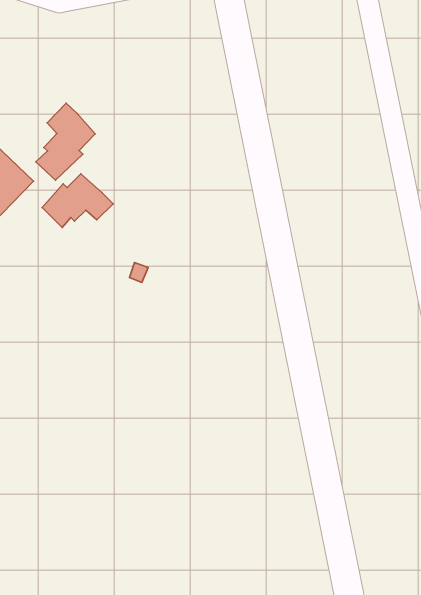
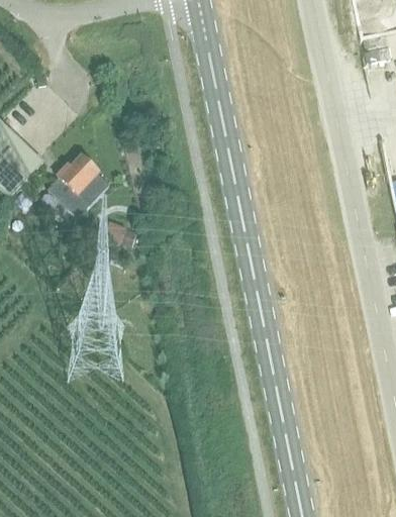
building: [36,103,95,180] -> none

